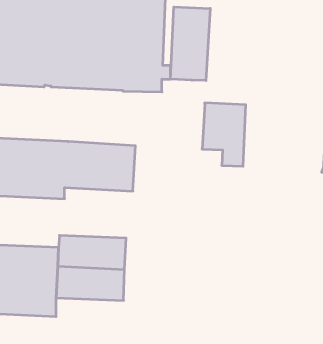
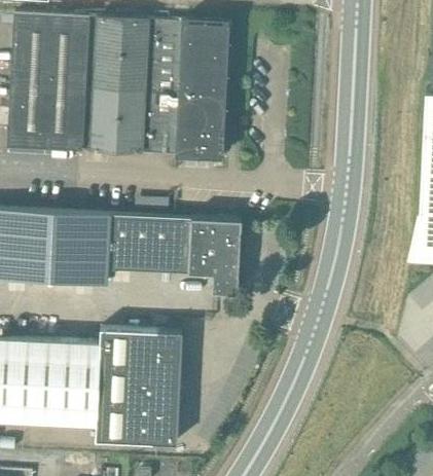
building: [170,7,210,81] -> none
building: [202,103,246,166] -> [190,220,243,296]
building: none -> [97,404,179,444]

